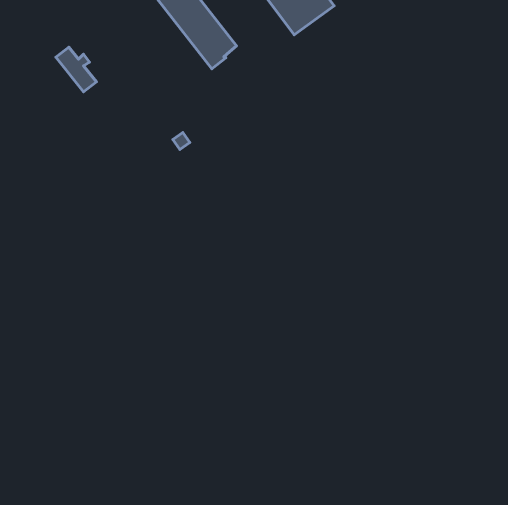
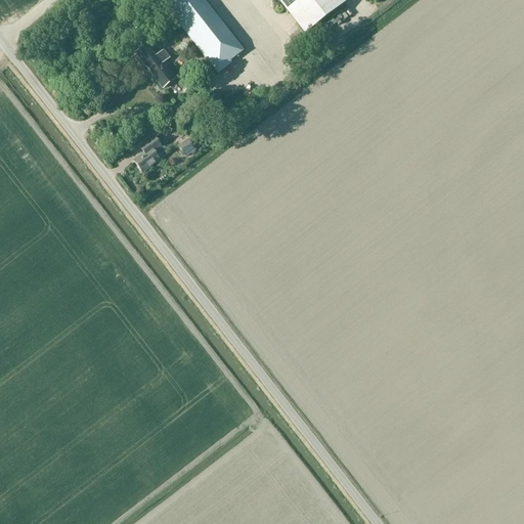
building: [56,47,97,92] -> [134,40,176,86]
building: none -> [134,134,162,169]

